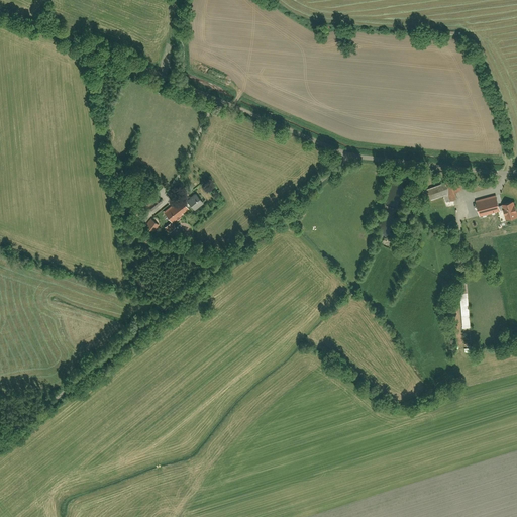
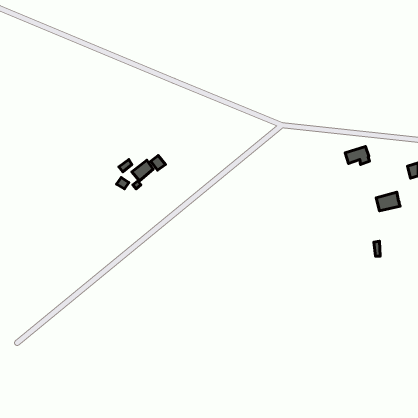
building: [473,195,502,218] -> [376,192,400,211]

